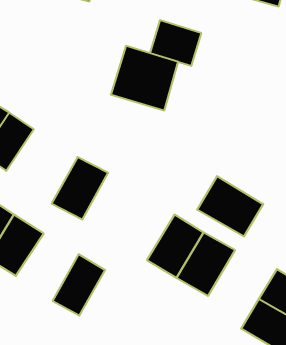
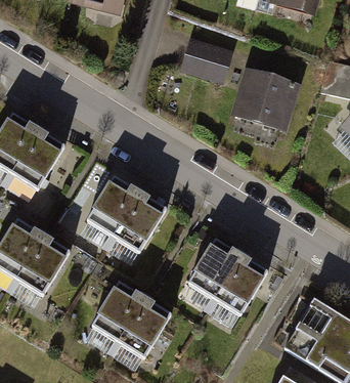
building: [111,46,178,110] -> [229,70,299,136]
building: none -> [112,195,168,259]
building: [197,176,263,236] -> none
building: none -> [108,295,171,361]

